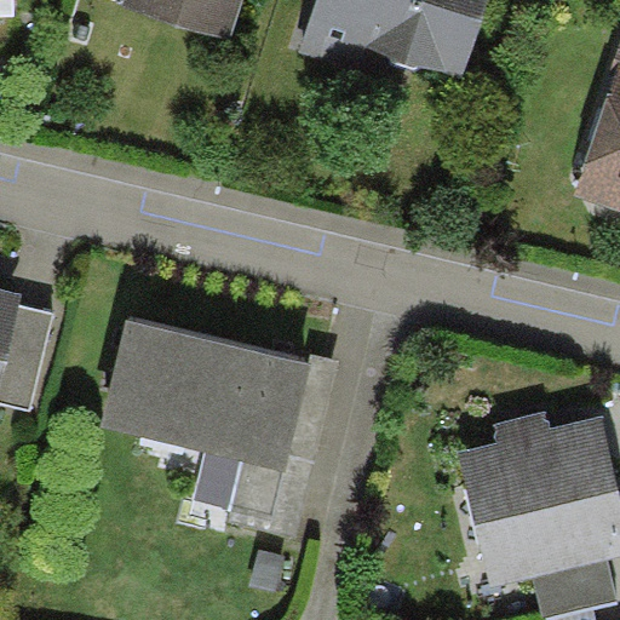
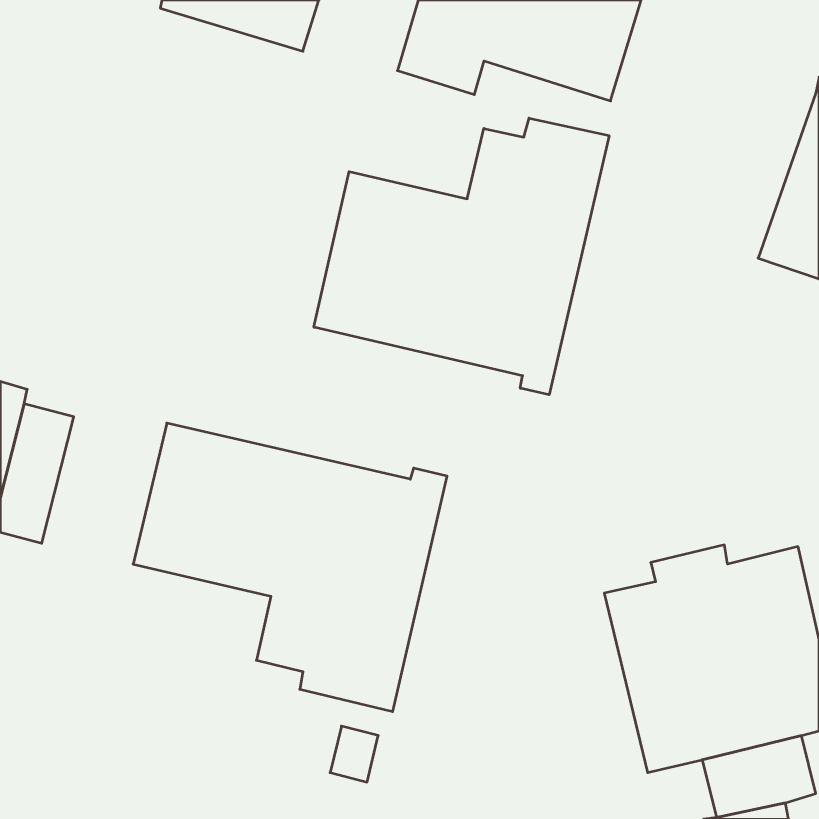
building: none -> [314,118,609,395]

